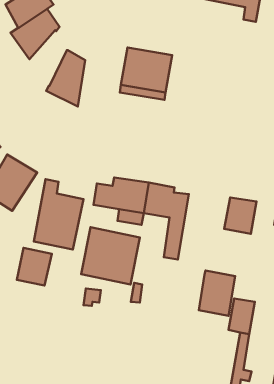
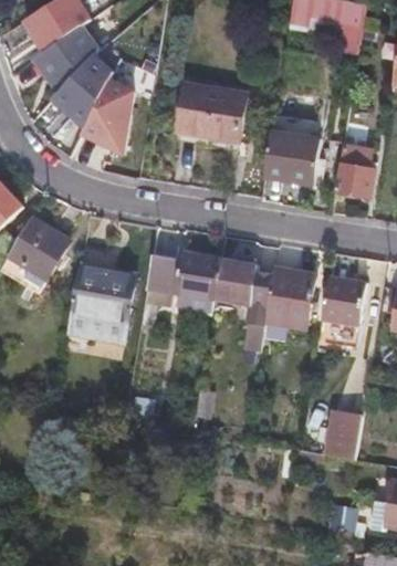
building: none -> [52,53,114,127]
building: none -> [265,113,326,184]
building: none -> [336,147,374,196]
building: [81,227,140,284] -> none
building: [17,248,52,286] -> none
building: [199,270,235,316] -> [264,266,313,327]

